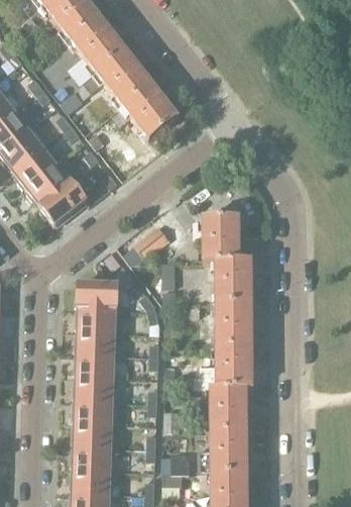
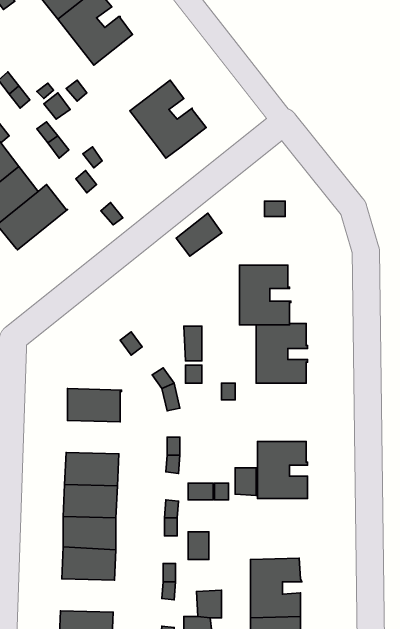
building: [97,49,152,105] -> none
building: [39,176,93,225] -> none
building: [134,225,167,257] -> [176,213,222,256]
building: [78,283,118,308] -> none
building: [215,303,252,345] -> none
building: [77,330,116,354] -> none
building: [211,387,252,431] -> none
building: [73,445,112,470] -> none

